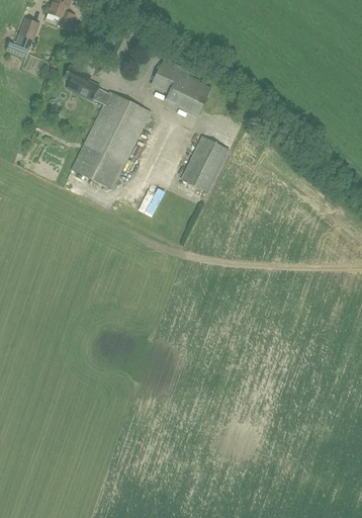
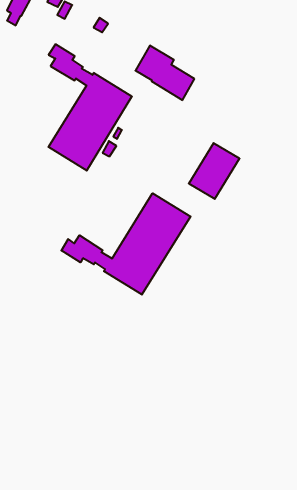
building: [180,137,229,192] -> [189,143,240,199]
building: none -> [61,193,191,295]

